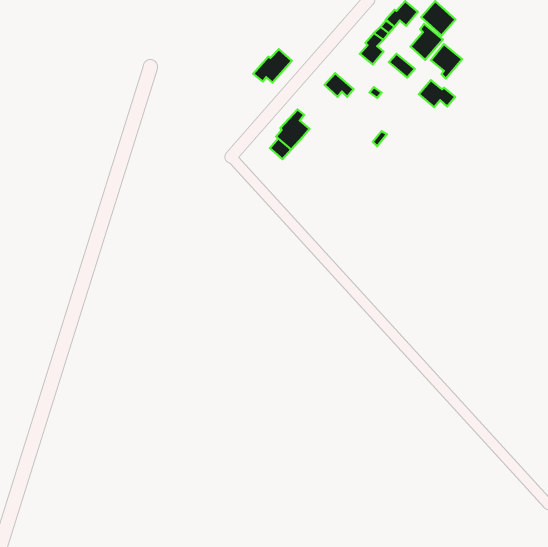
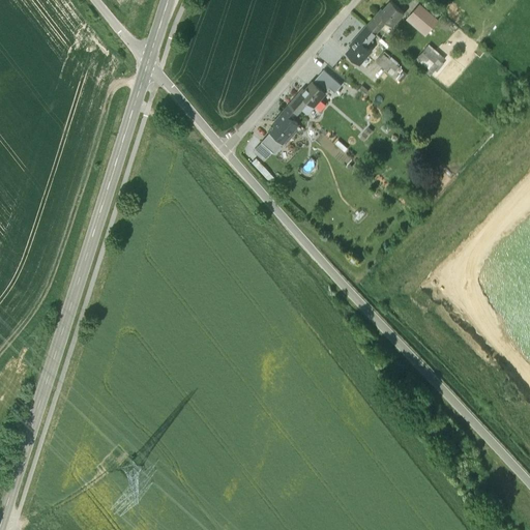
building: [410,24,443,60] -> none
building: [253,49,292,82] -> [288,84,325,116]
building: [419,80,455,107] -> none

